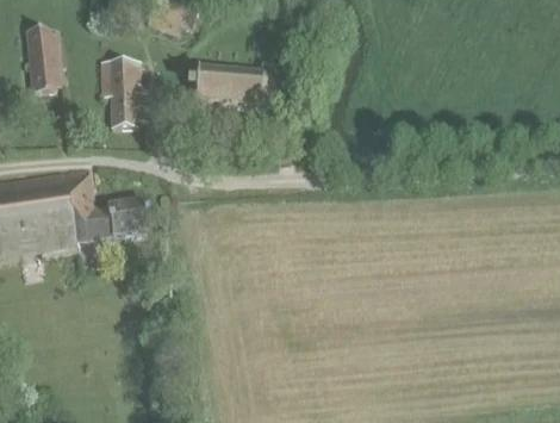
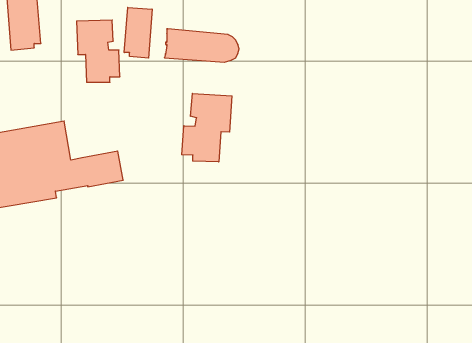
building: none -> [124,7,152,58]
building: none -> [182,93,232,162]

